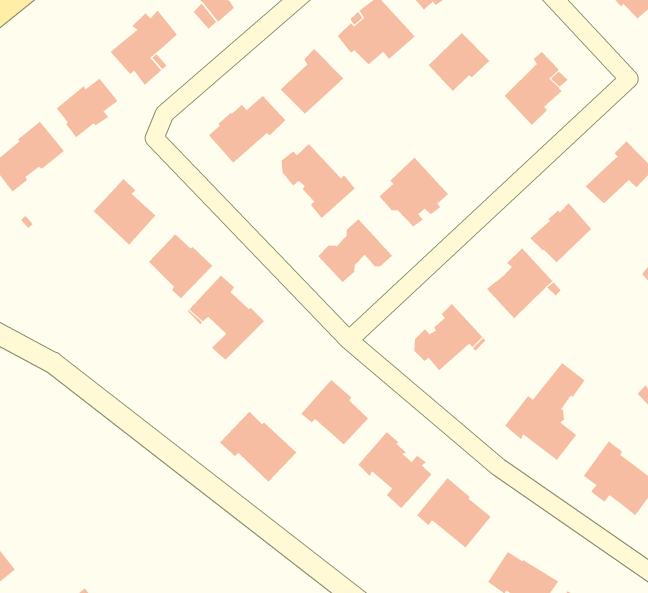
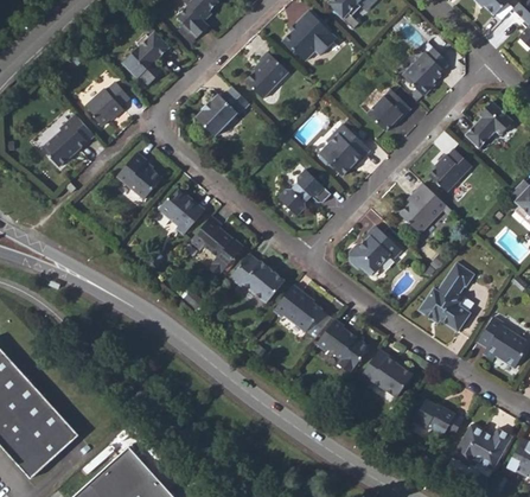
building: [428,32,490,92] -> [368,89,411,132]
building: [281,143,356,219] -> none
building: [219,411,297,482] -> [230,253,286,302]

